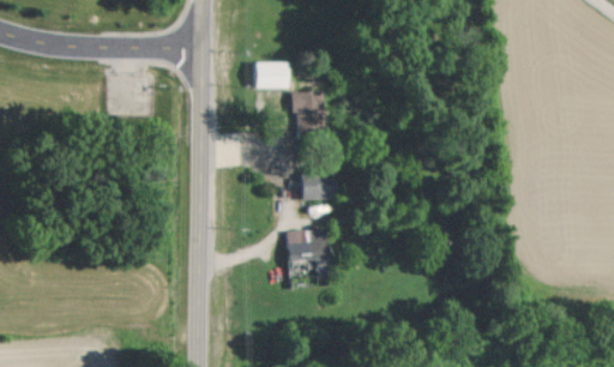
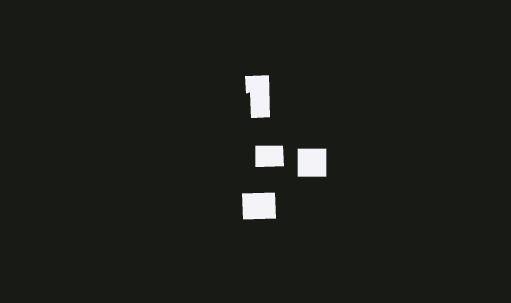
building: [255,61,289,89] -> none
building: none -> [297,148,327,177]

